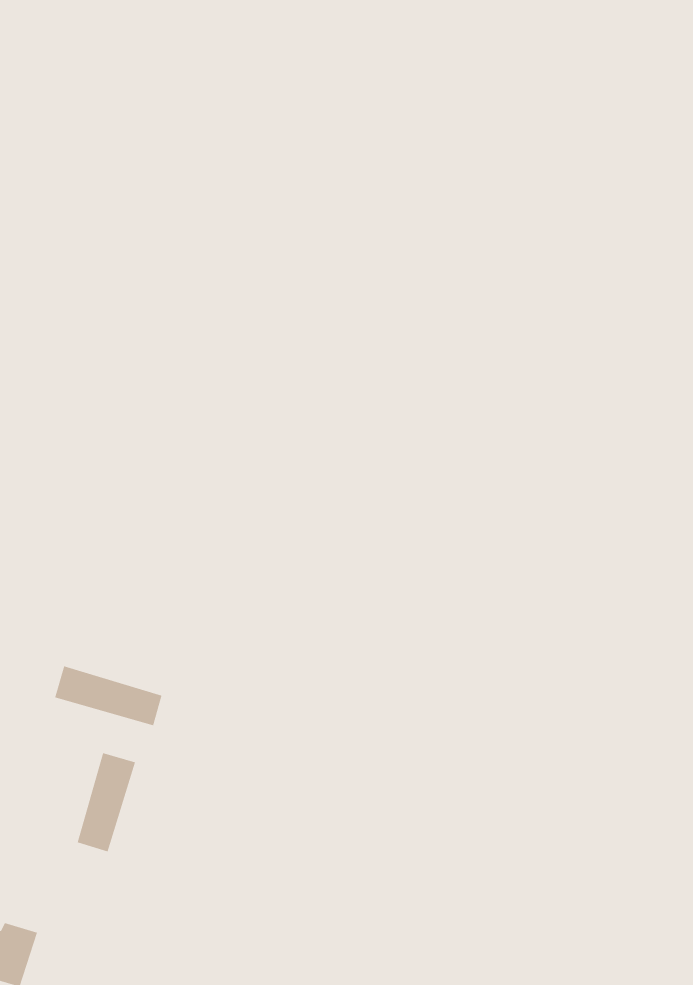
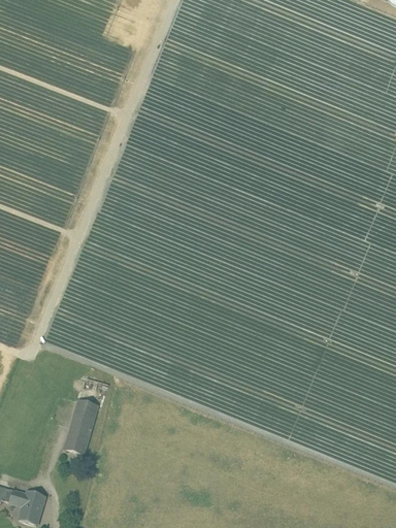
building: [54,665,162,726] -> none

